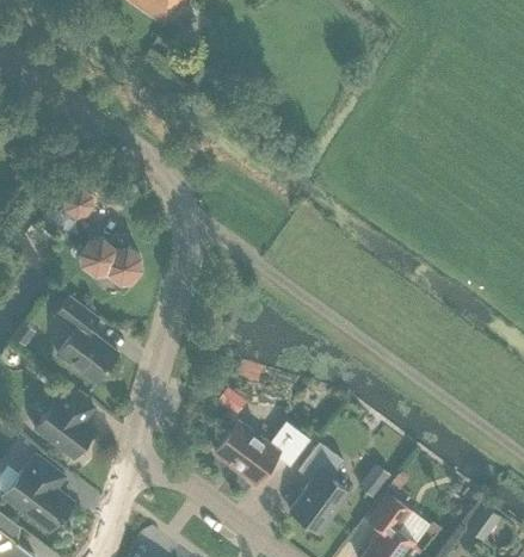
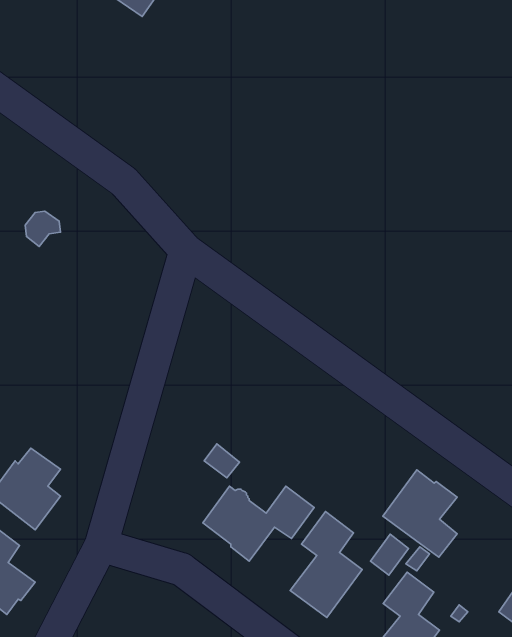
building: [79,235,140,284] -> none
building: [54,296,117,383] -> none
building: none -> [383,470,457,557]

